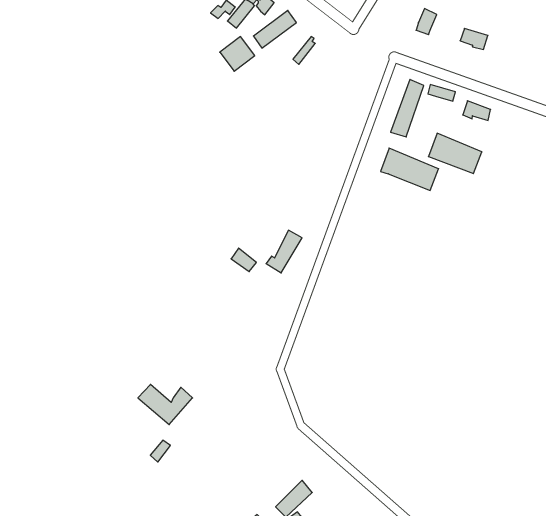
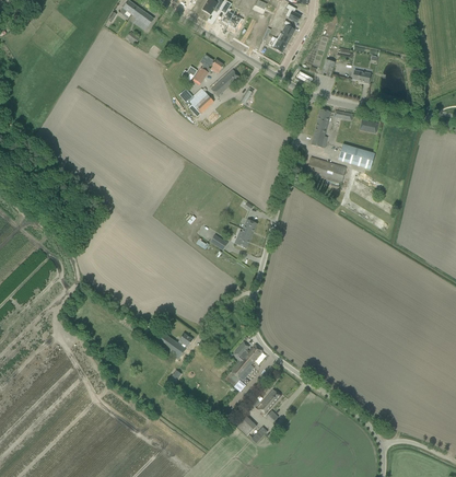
building: none -> [231,340,262,376]

